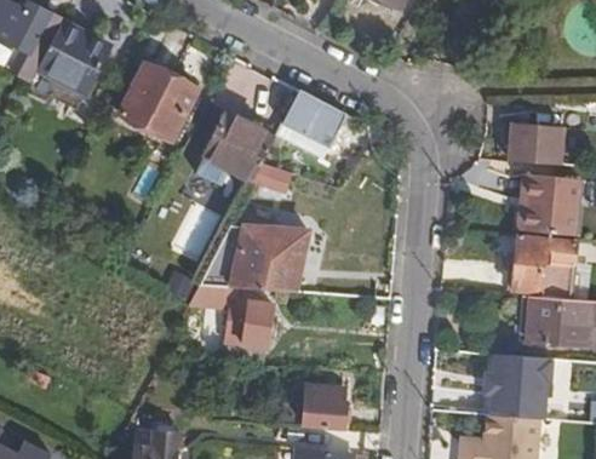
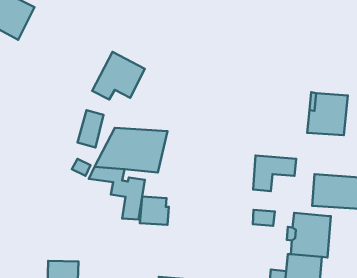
building: [121,65,197,139] -> none
building: [282,90,348,148] -> none
building: [506,122,561,165] -> none
building: [514,237,578,291] -> [253,156,296,191]
building: [304,385,348,428] -> [140,196,169,225]

